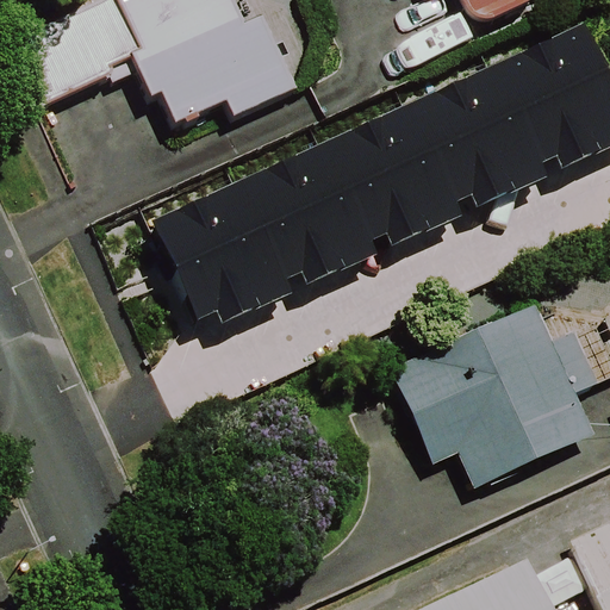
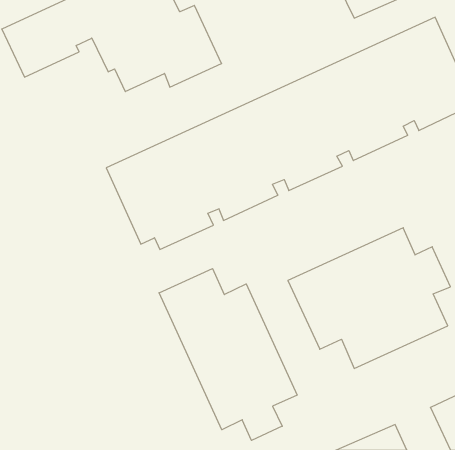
building: none -> [159,269,297,440]

